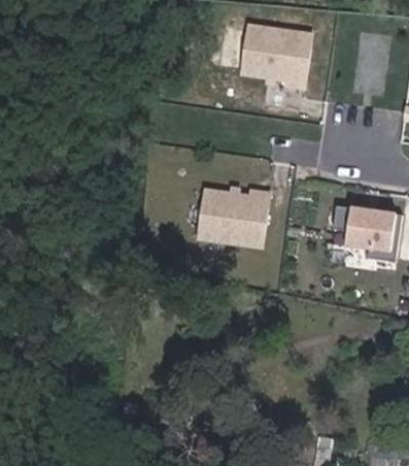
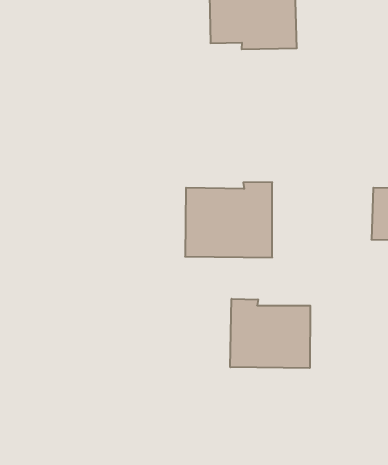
building: none -> [230,299,310,368]

